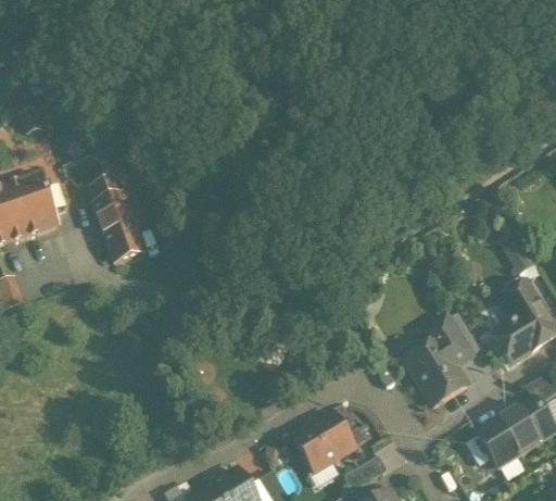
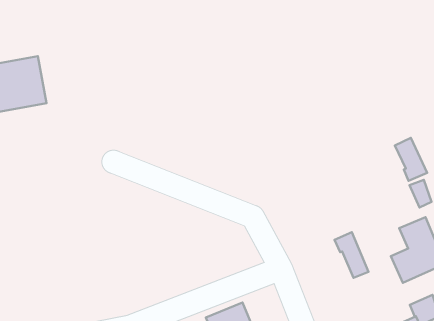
building: [89,178,144,263] -> none
building: none -> [395,138,427,181]
building: [403,337,467,405] -> none

